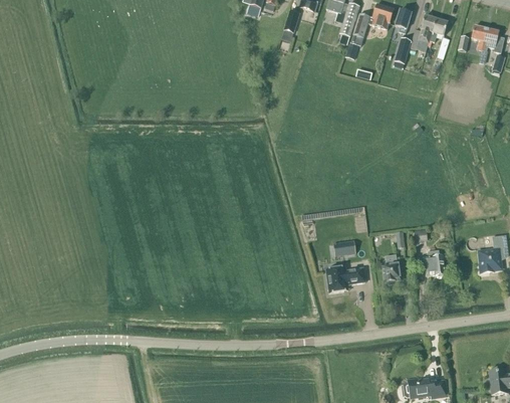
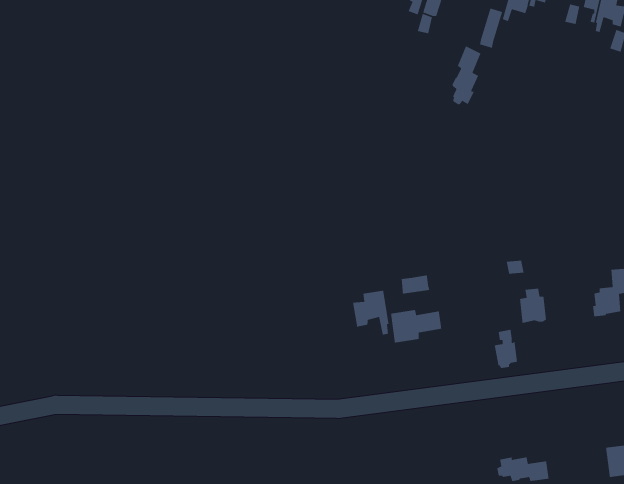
building: none -> [451,45,482,106]
building: none -> [352,290,389,335]
building: [382,254,401,284] -> [494,329,518,369]

